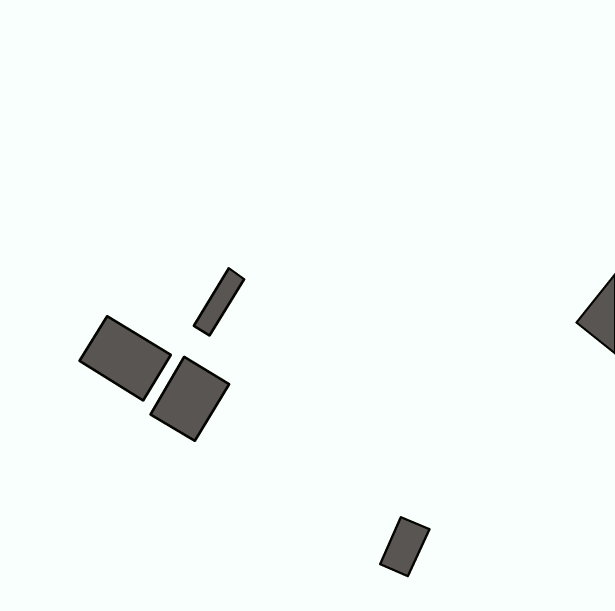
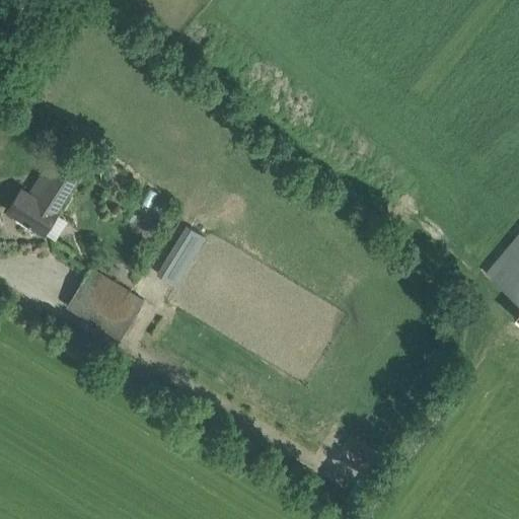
building: none -> [8,160,79,235]
building: [150,357,229,441] -> none

